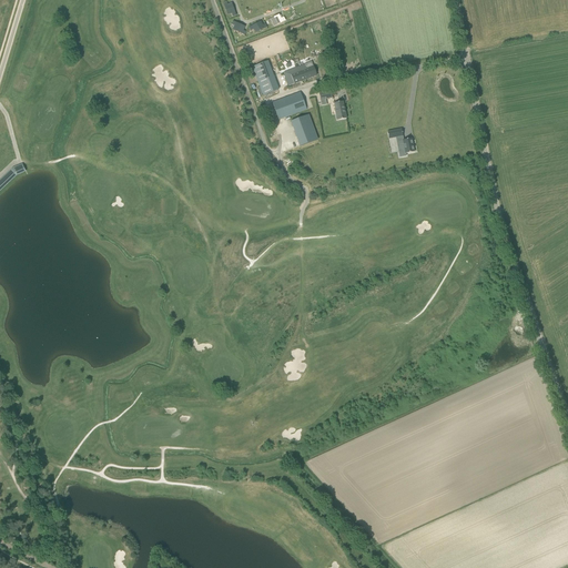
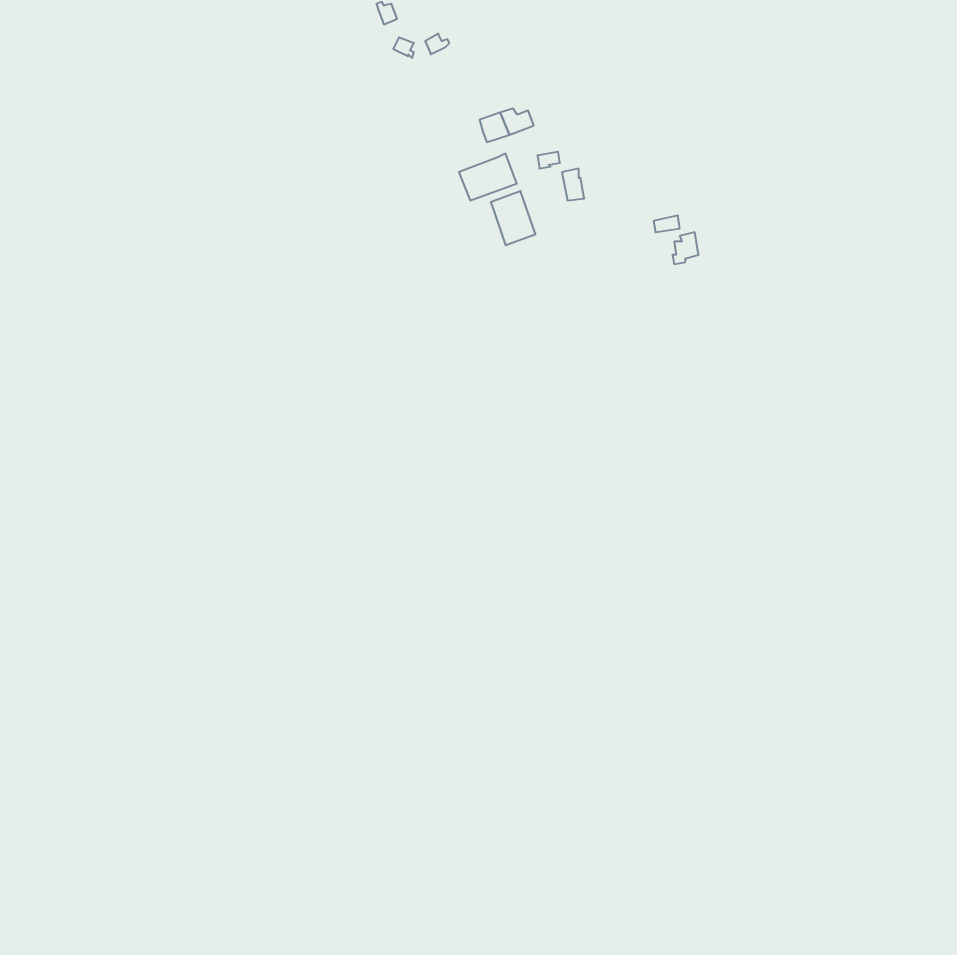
building: [252,60,278,94] -> none

